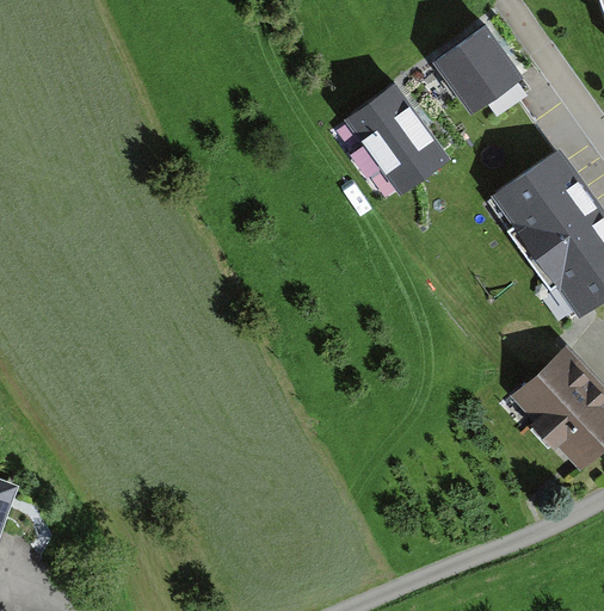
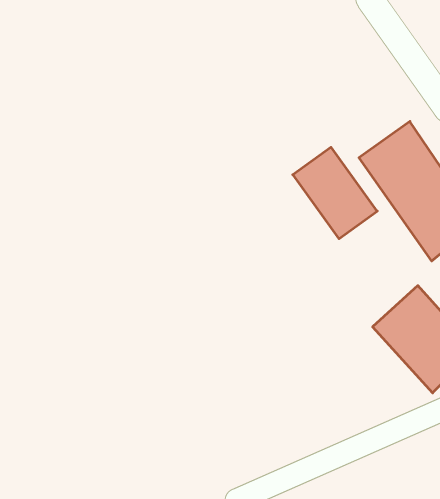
building: [433,25,522,116] -> none
building: [343,85,445,196] -> [293,147,377,239]

